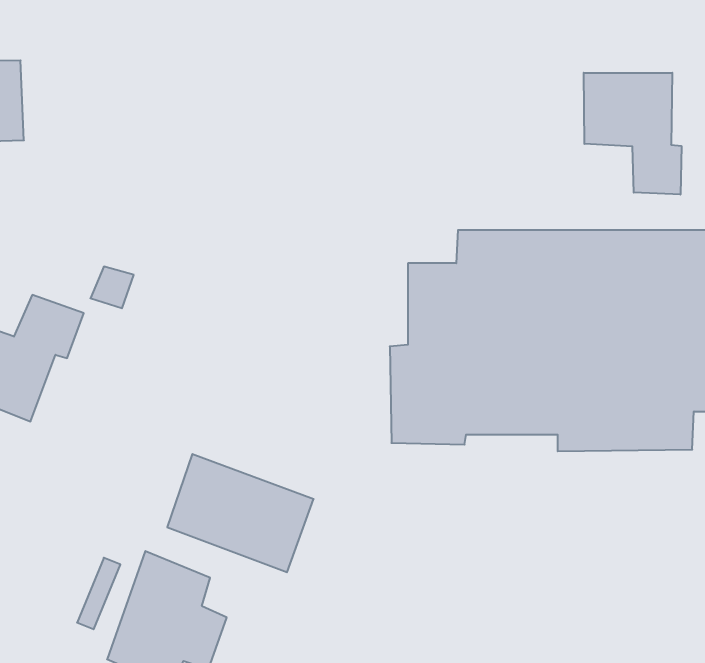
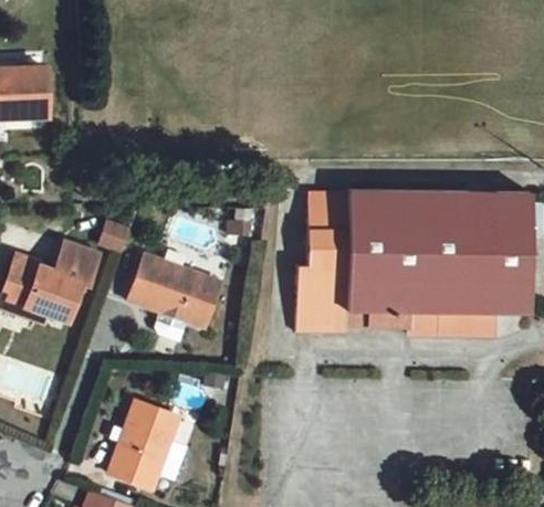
building: [584,73,681,195] -> none
building: [167,454,314,572] -> [122,244,219,323]

